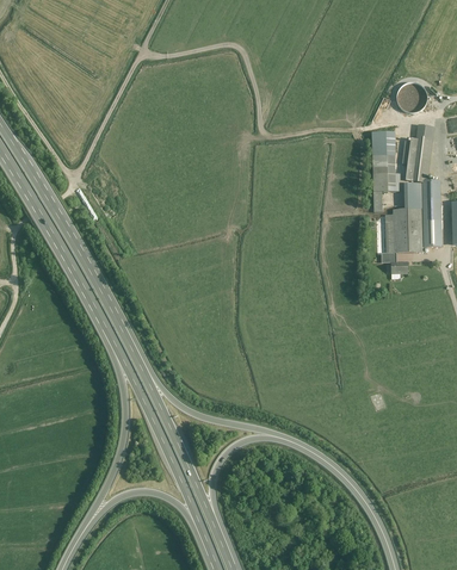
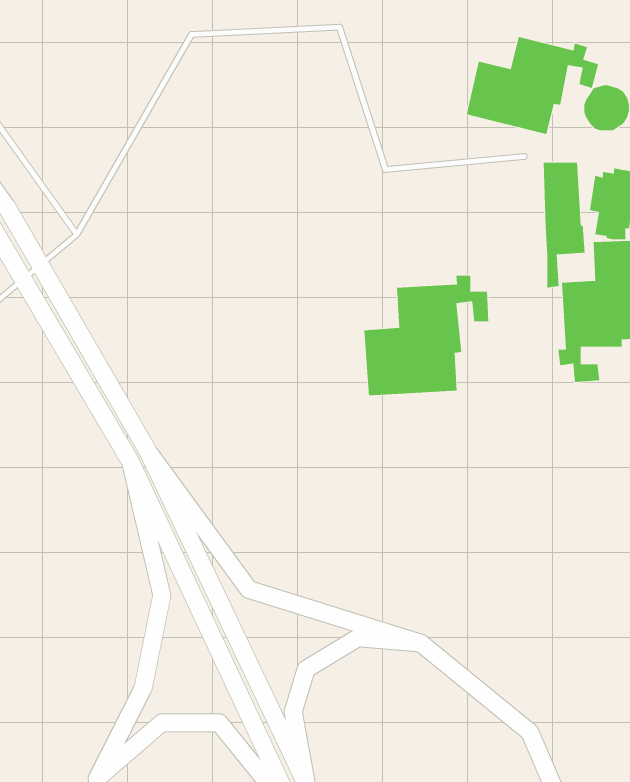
building: none -> [466,36,599,135]
building: none -> [364,275,489,396]

